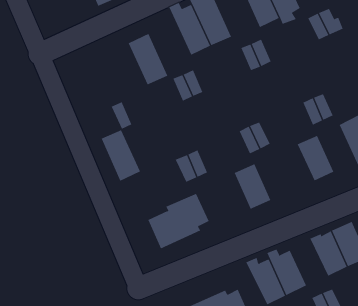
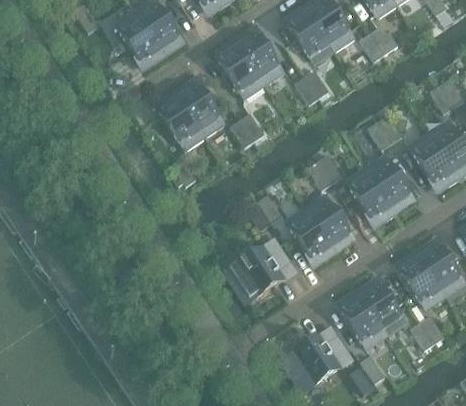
building: [101,129,141,182] -> [159,96,206,150]
building: none -> [350,172,398,220]
building: none -> [290,212,333,260]

